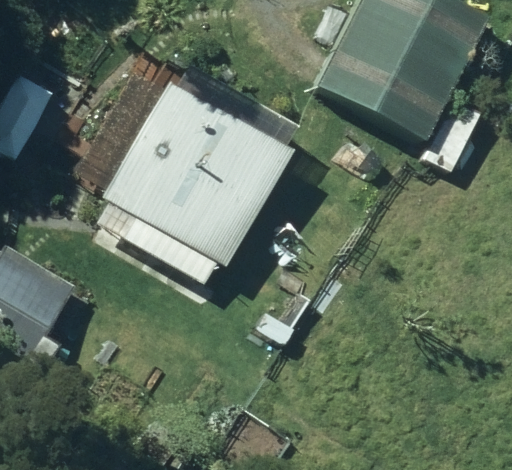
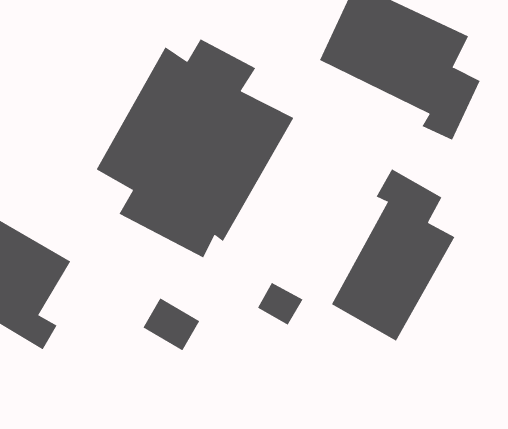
building: none -> [331,168,455,341]

